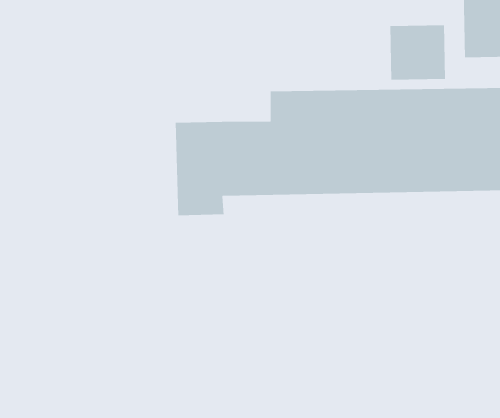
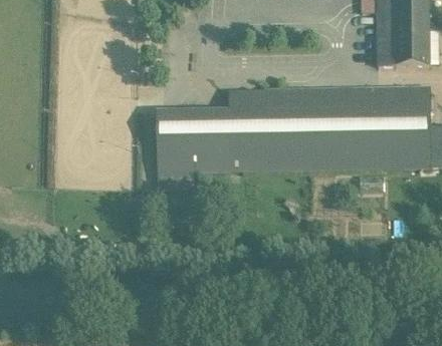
building: [389,25,446,81] -> none

